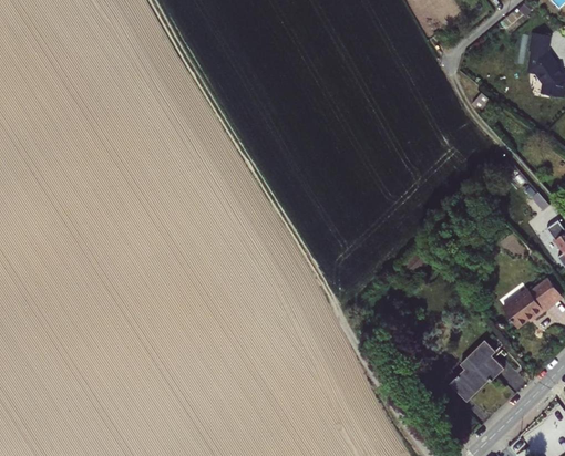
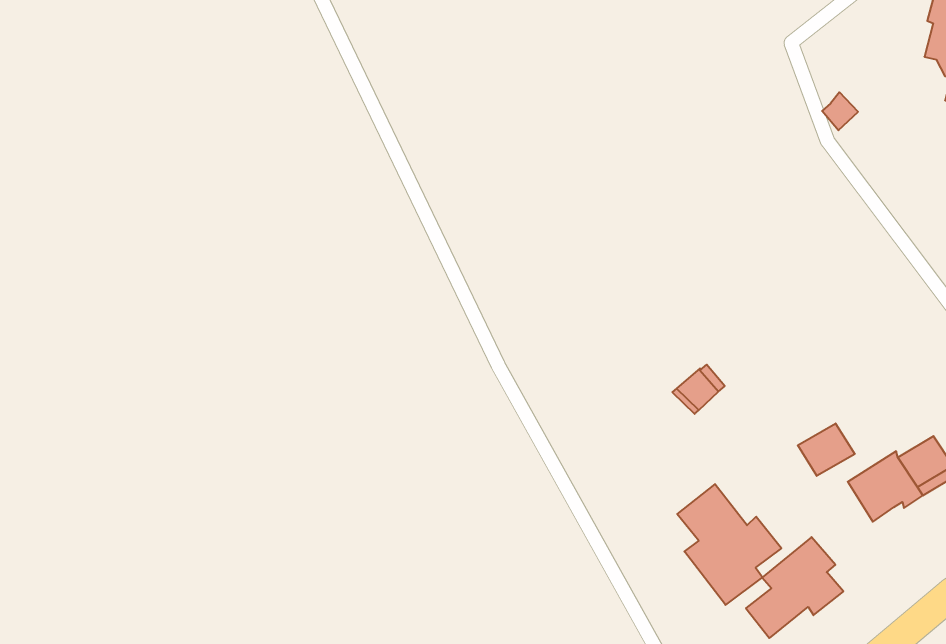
building: none -> [798,423,855,476]
building: none -> [677,484,781,605]

